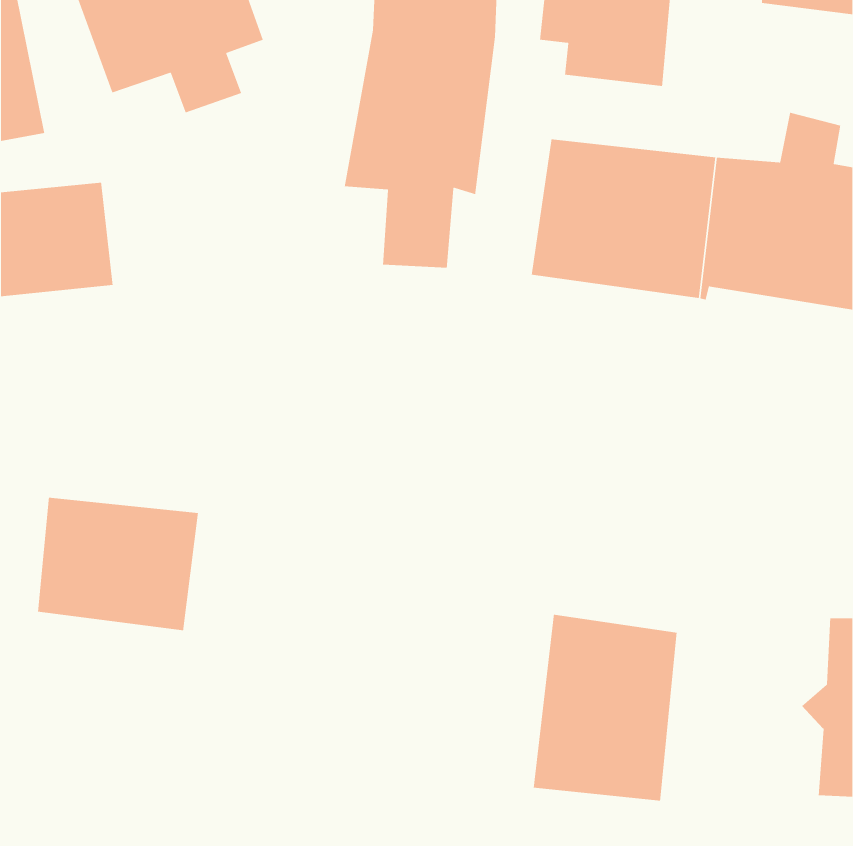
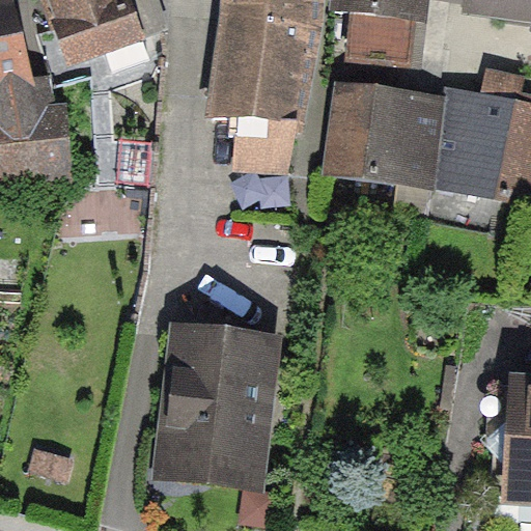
building: [37,497,199,631] -> none
building: none -> [161,331,274,476]
building: [533,614,678,801] -> none

